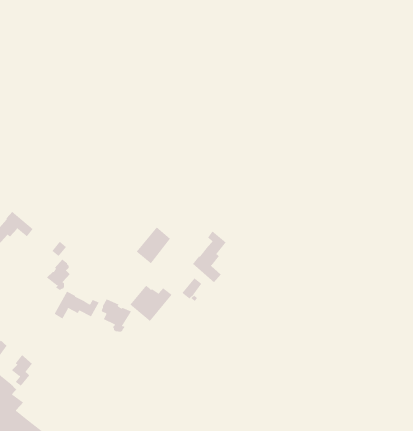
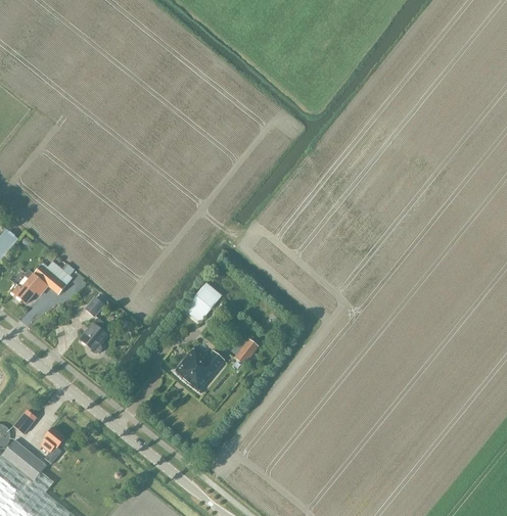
building: [192,230,226,283] -> none
building: [54,291,99,319] -> none
building: [101,299,132,332] -> none

